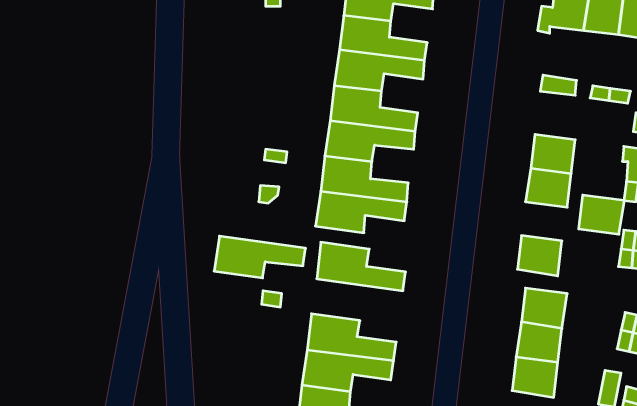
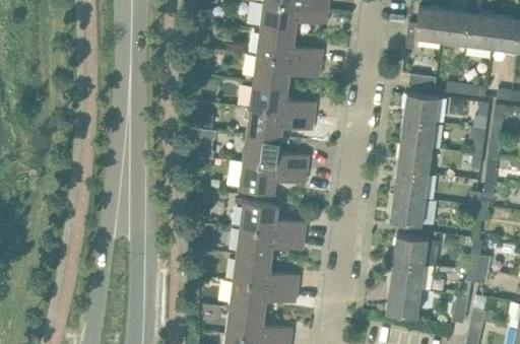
building: none -> [404,93,439,124]
building: [579,195,624,234] -> [394,170,429,200]
building: [214,236,306,278] -> [236,228,305,260]

